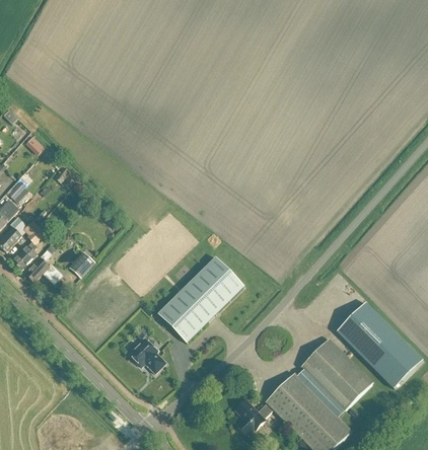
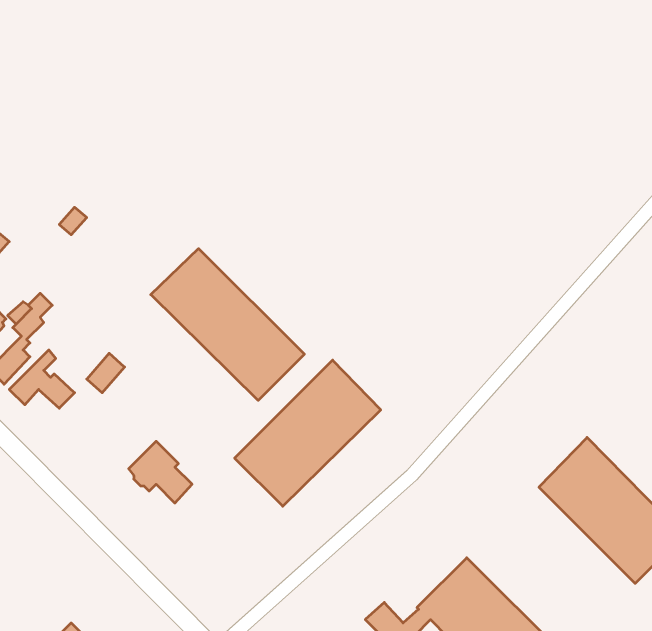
building: none -> [151,249,304,400]
building: [128,336,165,373] -> [129,441,192,503]
building: [301,339,372,409] -> none

